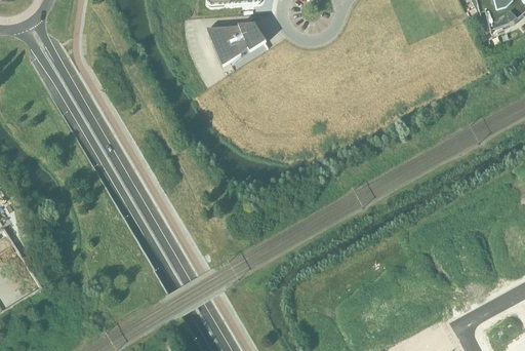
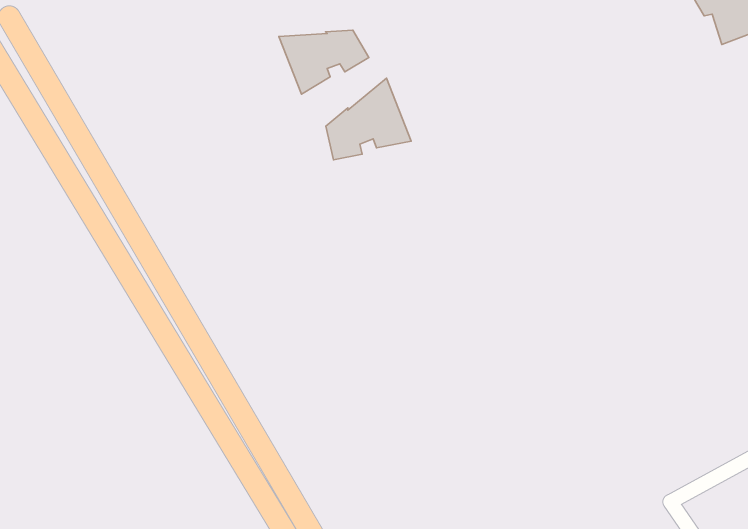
building: none -> [326,78,411,160]

